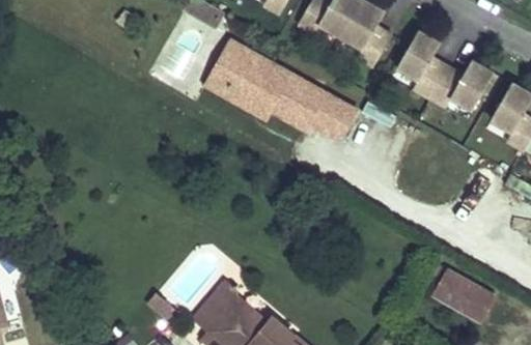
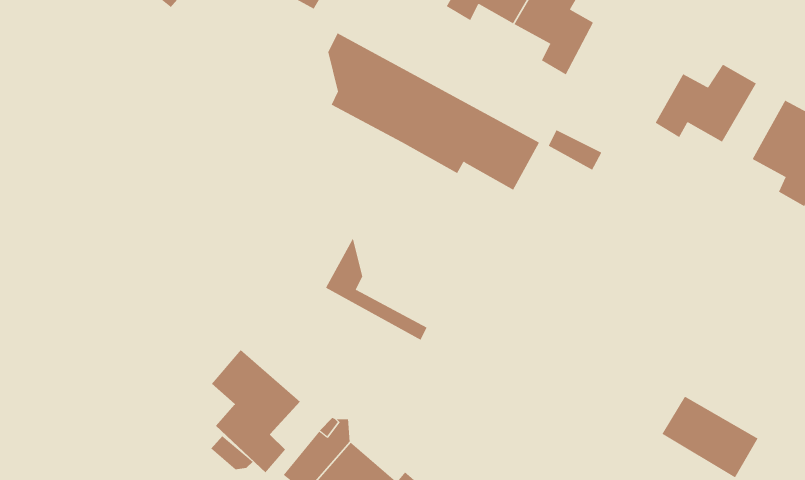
building: [397,30,447,97] -> none
building: [205,53,270,118] -> [325,237,427,341]
building: none -> [211,349,301,473]

